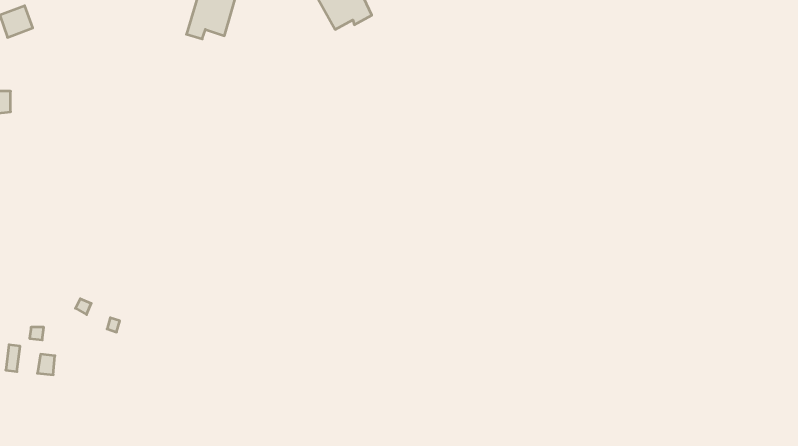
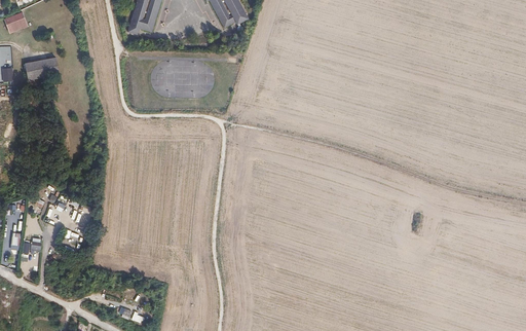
building: none -> [26,56,60,79]

